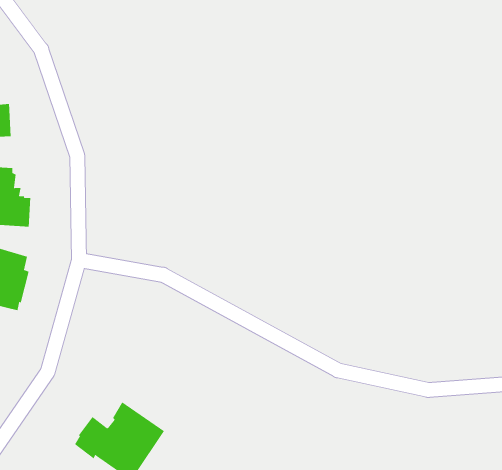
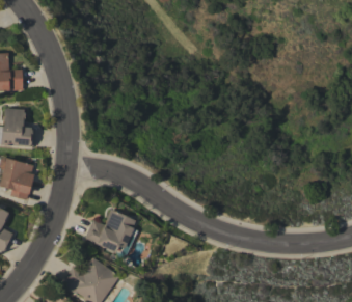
building: none -> [84,209,135,252]

